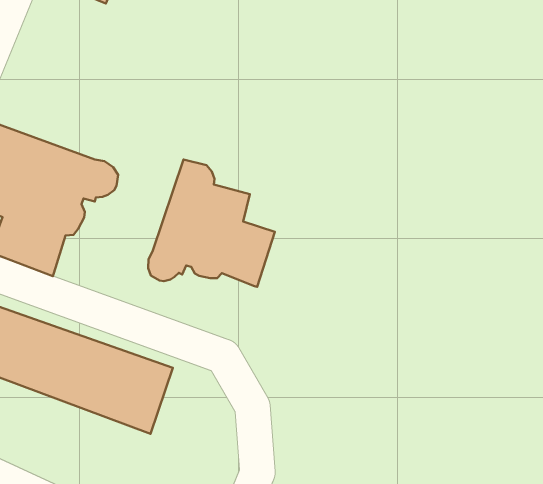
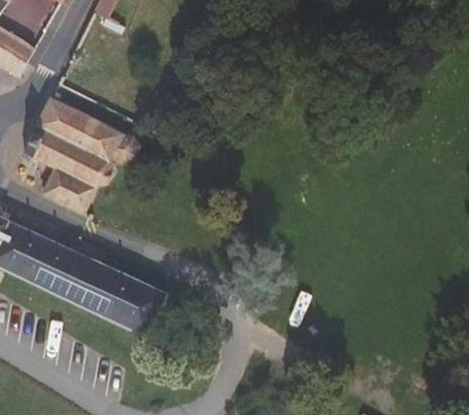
building: [148,159,275,287] -> none

